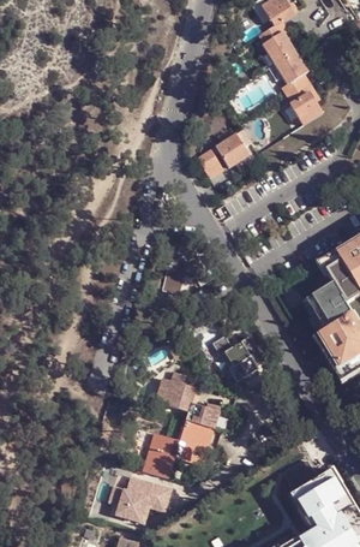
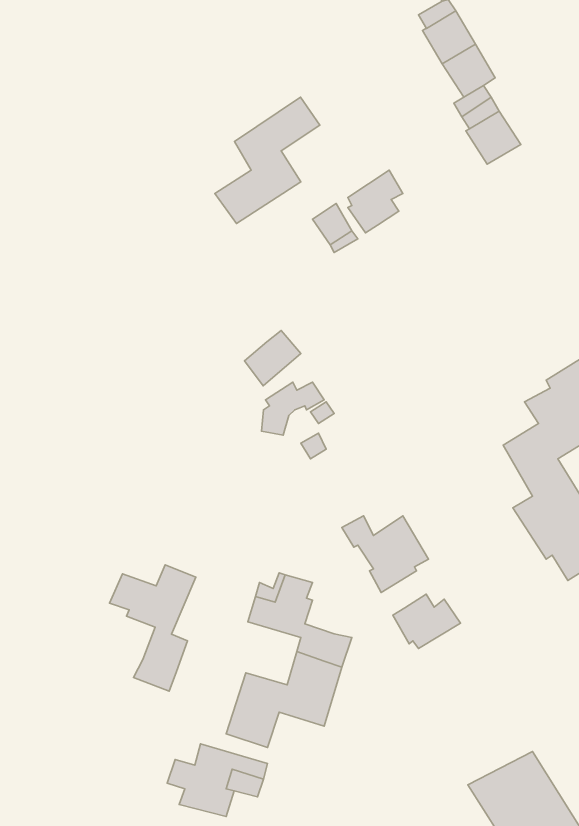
building: none -> [215,97,320,224]
building: none -> [245,331,301,386]
building: none -> [110,565,196,691]
building: none -> [393,594,461,648]

